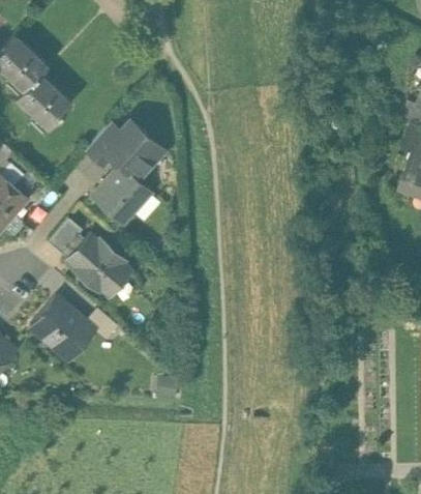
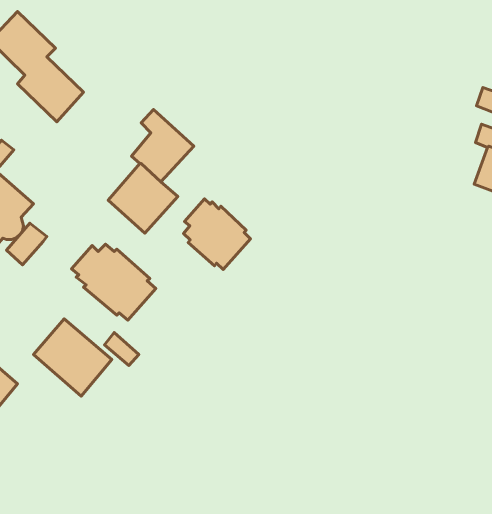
building: [86,123,128,168] -> none
building: none -> [184,199,251,269]
building: [48,220,82,255] -> [6,223,47,265]

